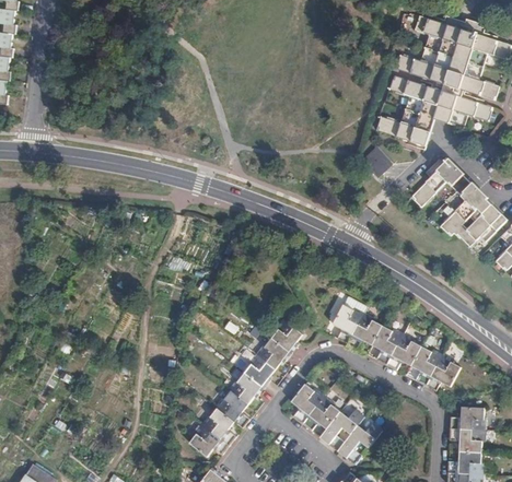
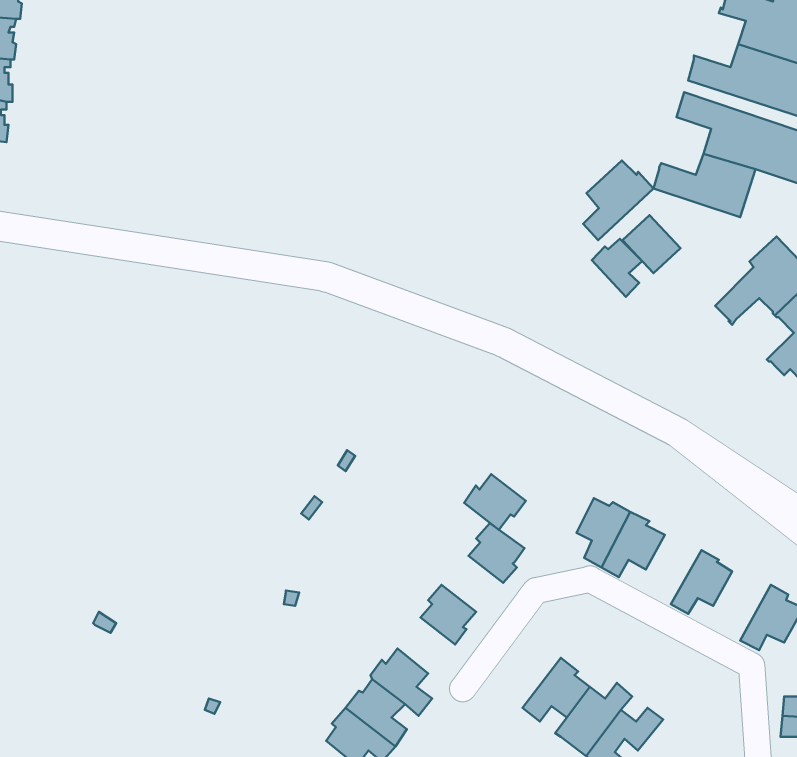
building: none -> [583,160,653,240]
building: none -> [592,239,642,297]
building: [372,326,404,365] -> none
building: [256,338,291,369] -> [464,474,526,530]
building: [410,346,443,386] -> none
building: [229,373,264,404] -> none
building: [291,385,324,424] -> none

